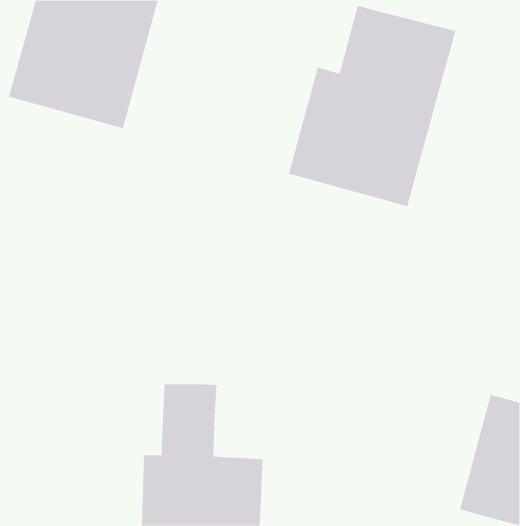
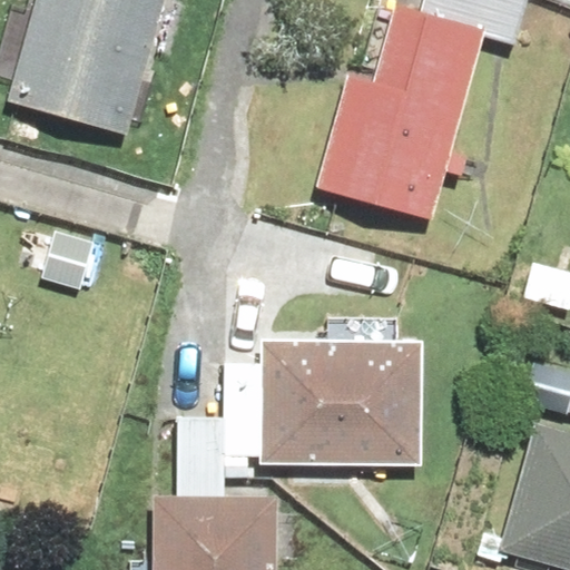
building: none -> [219,336,425,465]

